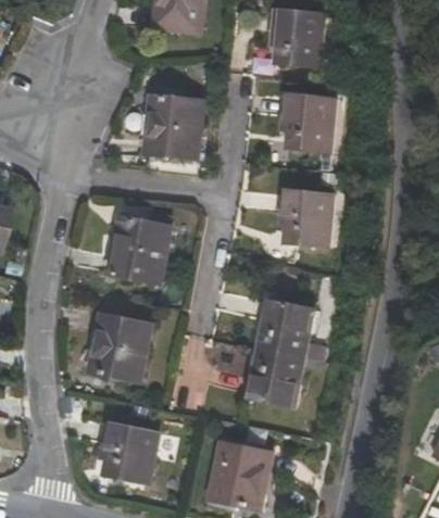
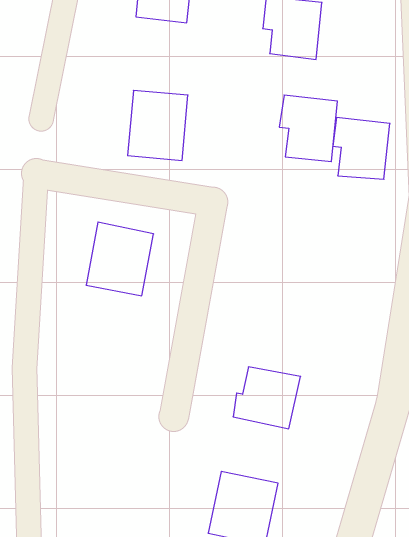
building: [281,189,334,245] -> [333,118,390,179]
building: [254,296,314,355] -> none
building: [88,312,150,379] -> none
building: [102,419,158,481] -> none

